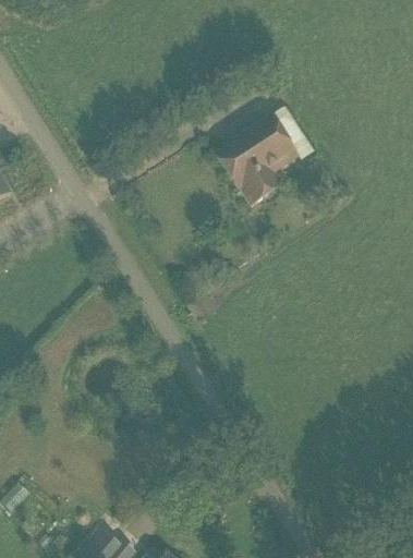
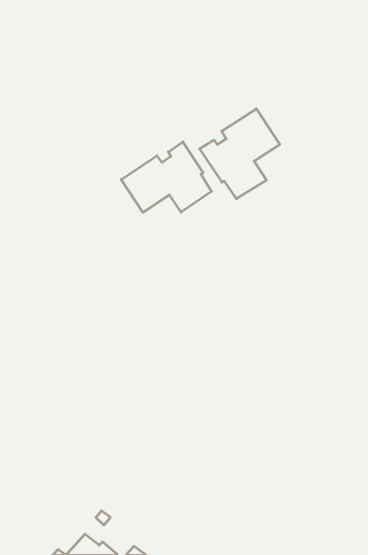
building: none -> [121,142,212,212]

